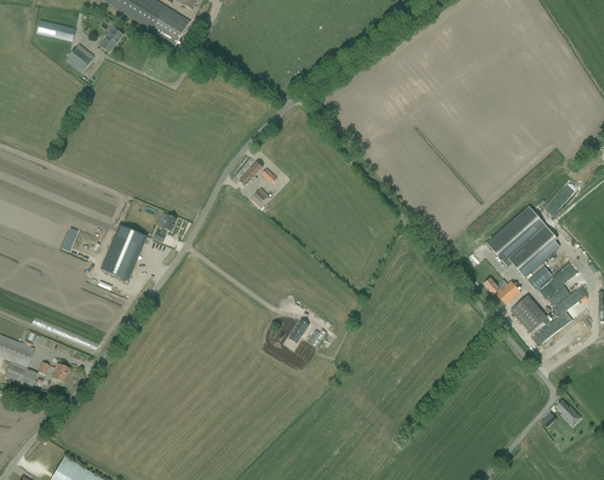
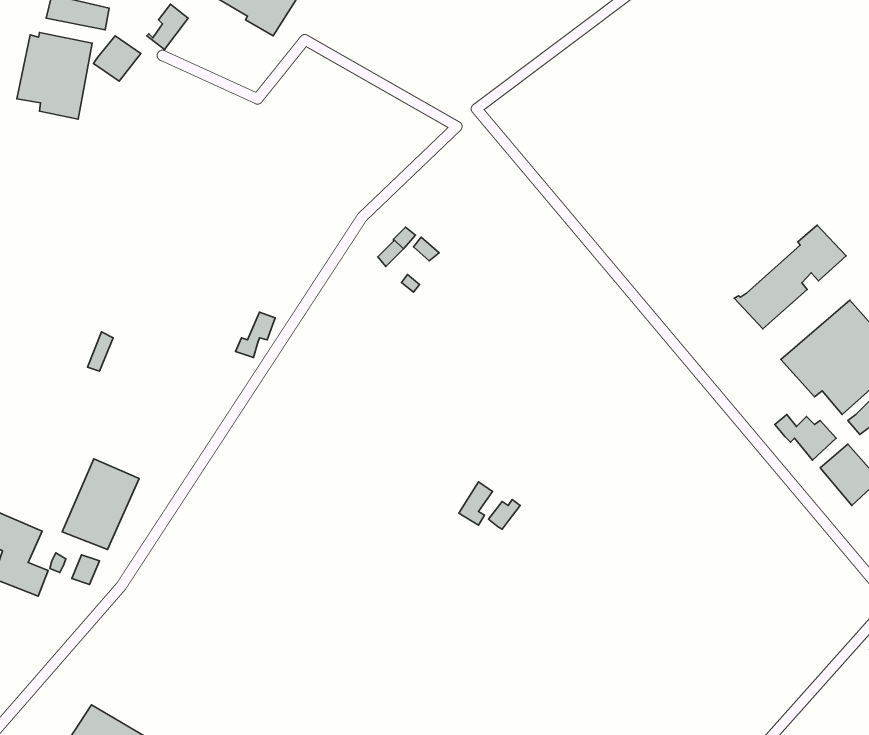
building: none -> [17,33,92,119]
building: none -> [734,225,846,329]
building: [100,224,148,280] -> [62,459,139,550]

